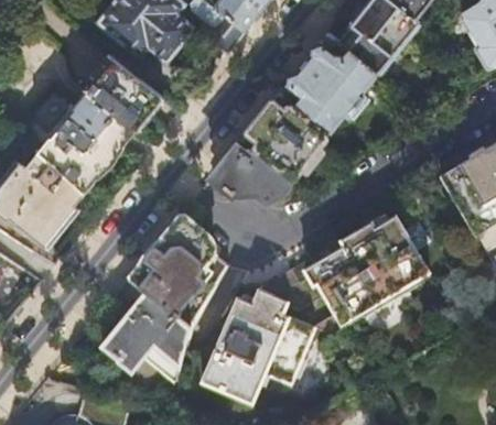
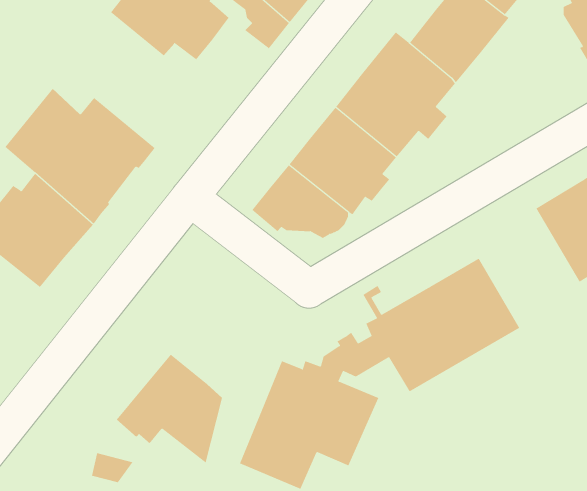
building: [85,56,162,130] -> none
building: [129,220,213,319] -> none

